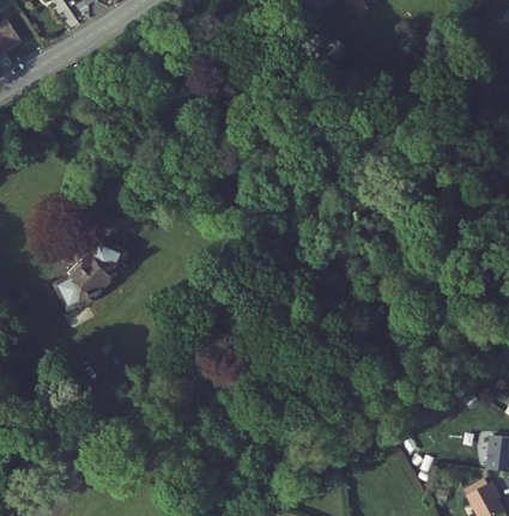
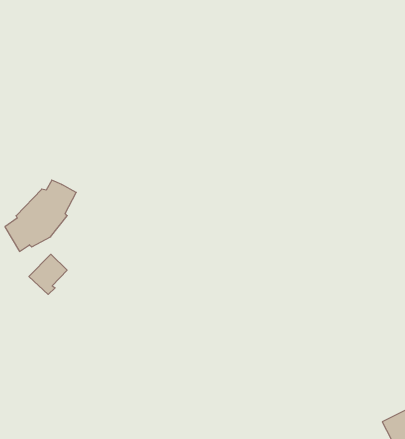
building: none -> [29,254,67,294]

